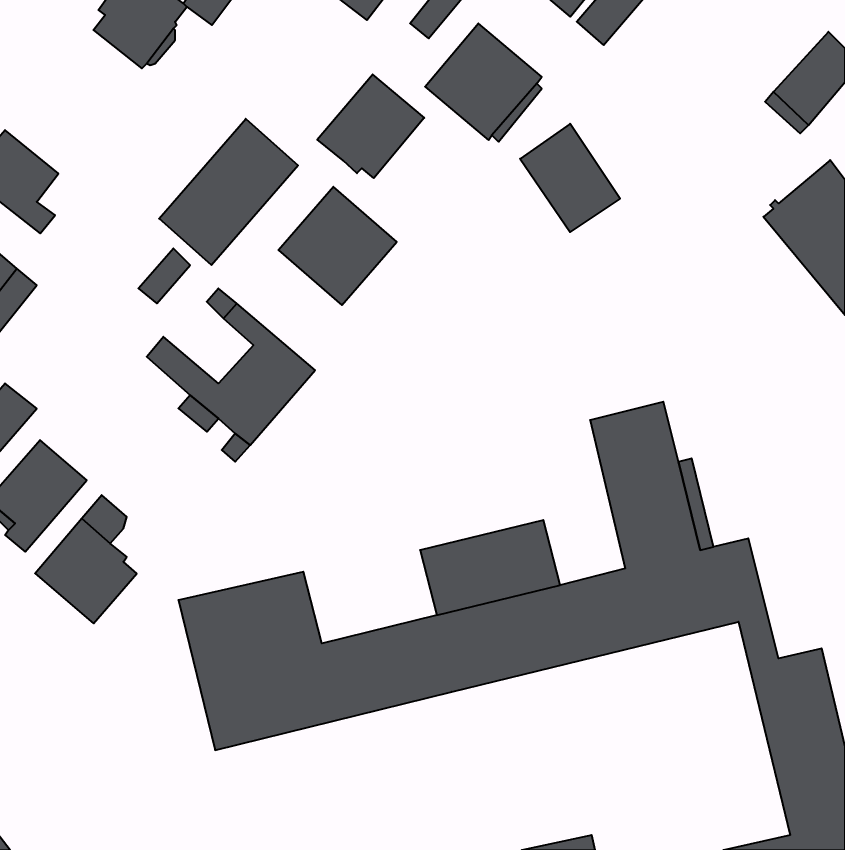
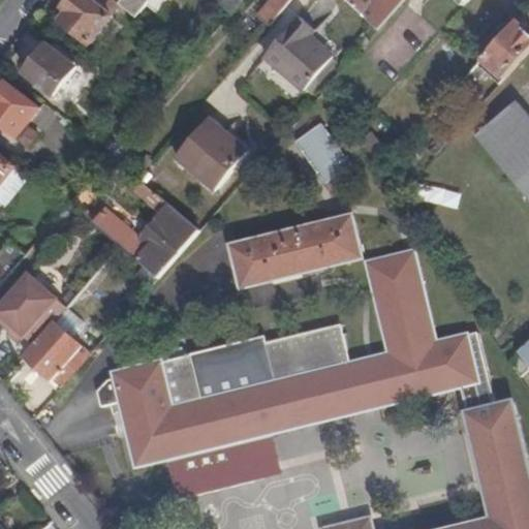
building: none -> [21,42,73,95]
building: [317,74,424,178] -> none
building: [159,119,298,265] -> none
building: [520,124,620,232] -> [290,119,352,186]
building: none -> [229,216,360,286]
building: none -> [188,337,271,399]

